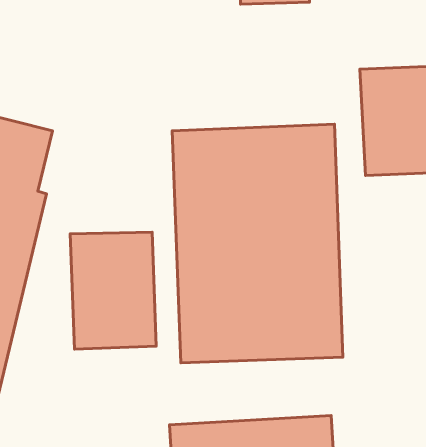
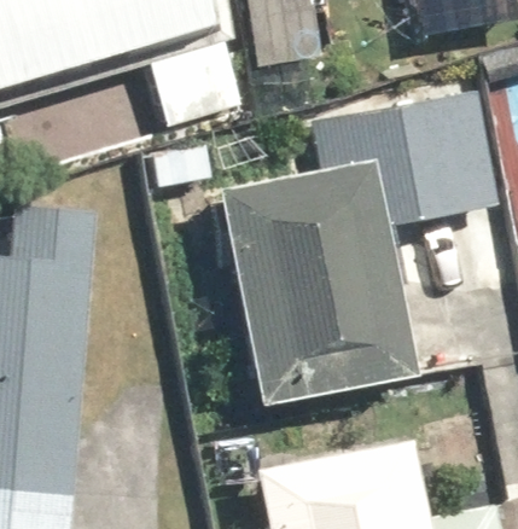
building: [70,232,156,349] -> none

